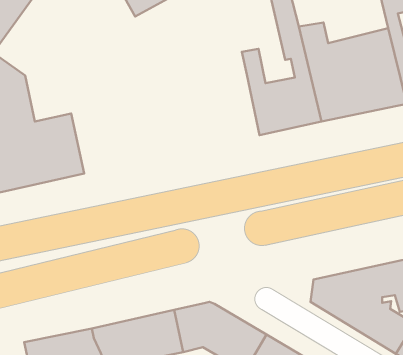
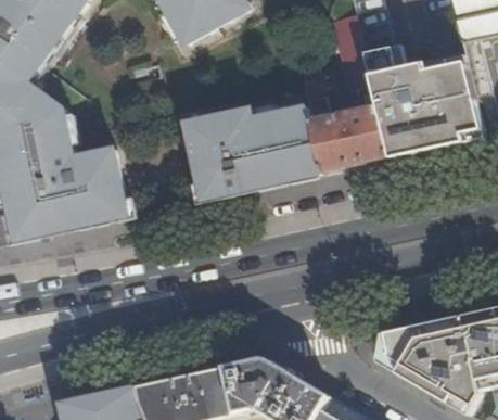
building: none -> [186,106,321,200]

